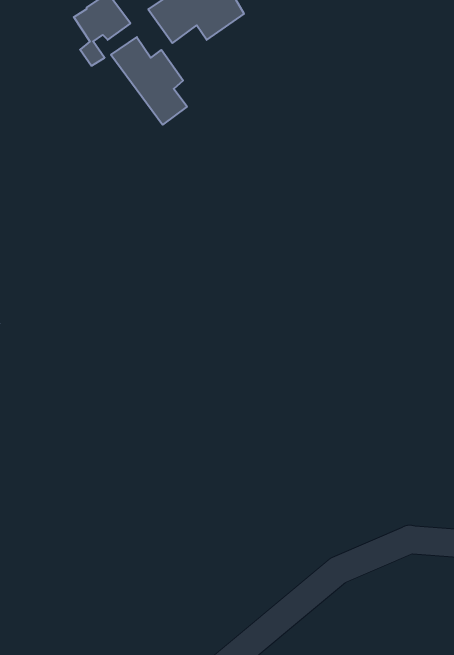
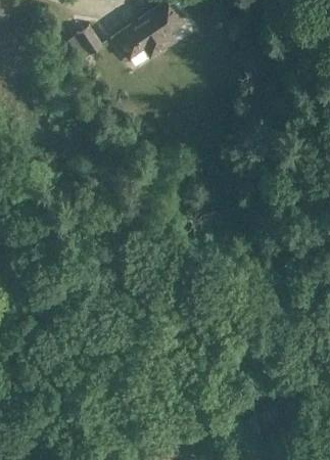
building: [111,37,187,125] -> none

